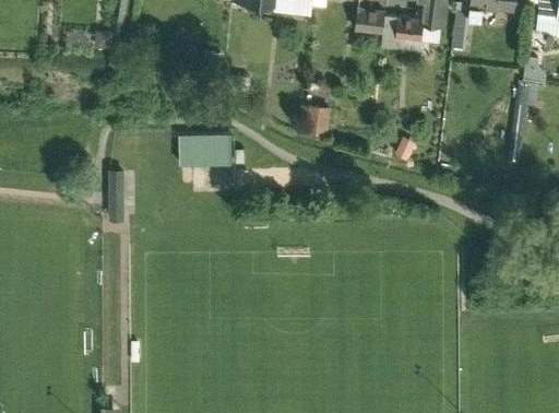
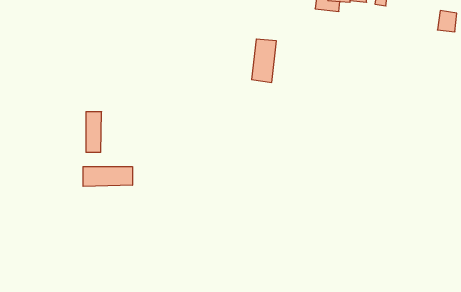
building: [193,139,231,162] -> none
building: none -> [83,167,132,186]

